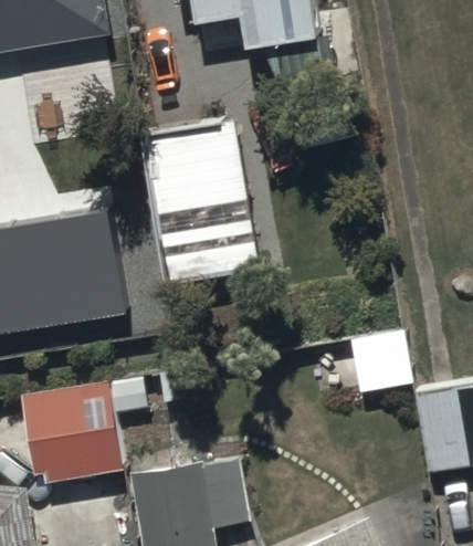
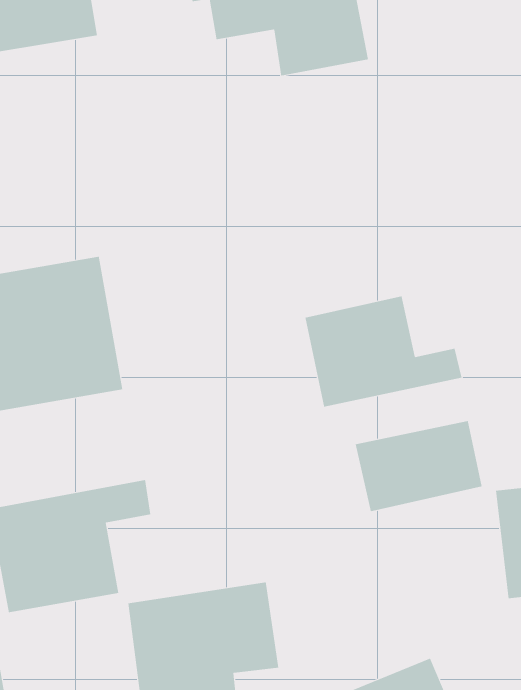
building: [144,125,259,291] -> none
building: none -> [305,296,462,408]

